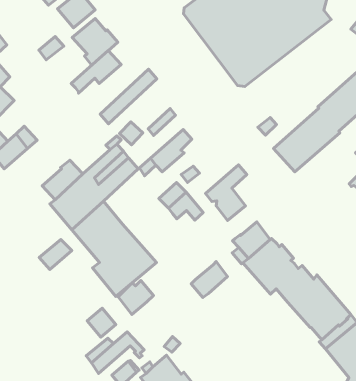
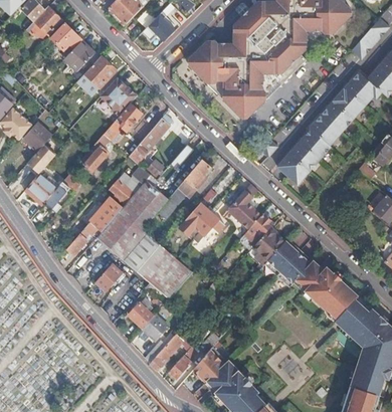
building: none -> [84,135,110,172]
building: none -> [110,174,138,202]
building: none -> [66,222,102,255]
building: [191,262,228,298] -> [243,214,272,245]
building: [118,280,154,314] -> [128,299,157,329]

